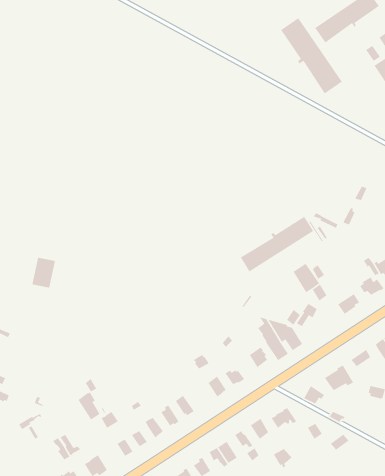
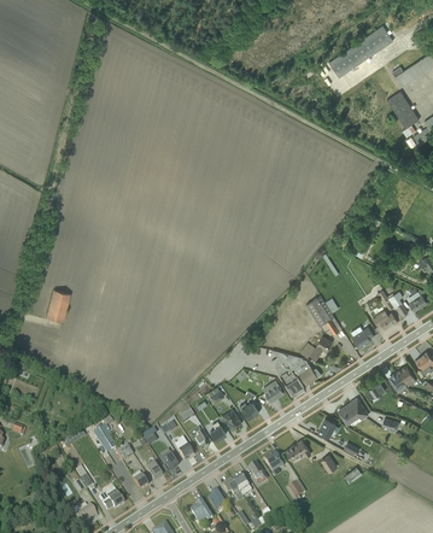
building: [280,17,343,94] -> none
building: [240,216,314,272] -> none

